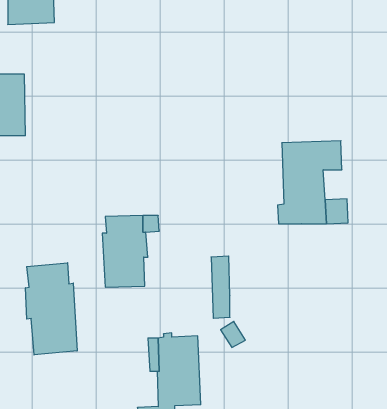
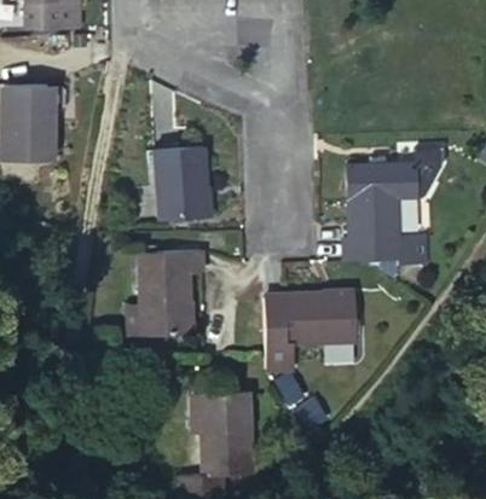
building: none -> [155,149,207,221]
building: none -> [285,295,355,344]
building: [26,263,77,355] -> none

